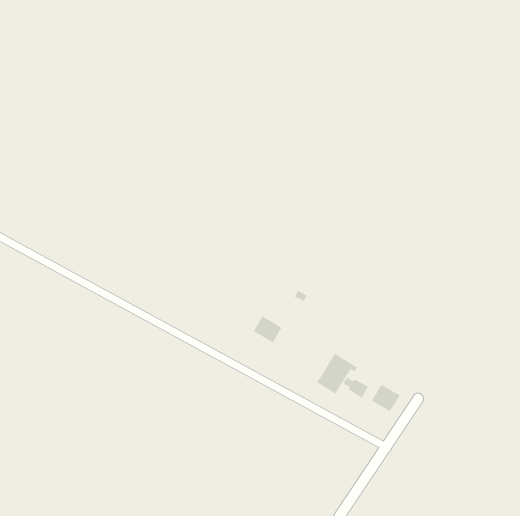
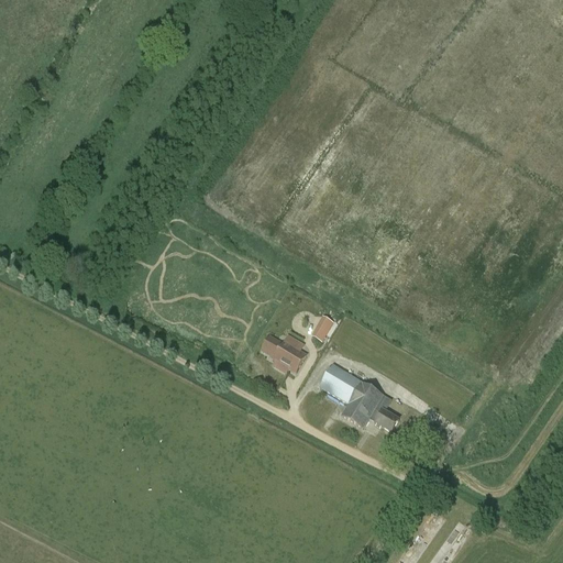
building: none -> [318,363,361,402]
building: [371,384,401,412] -> none

